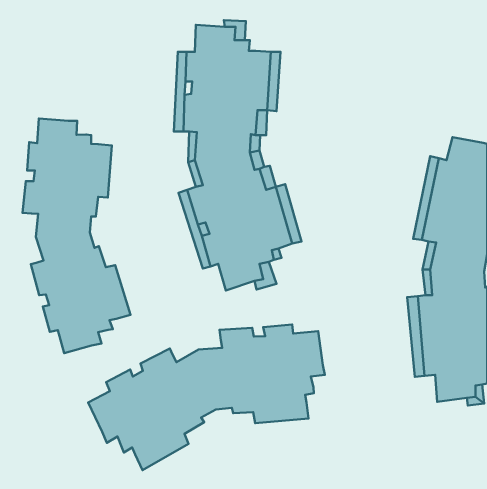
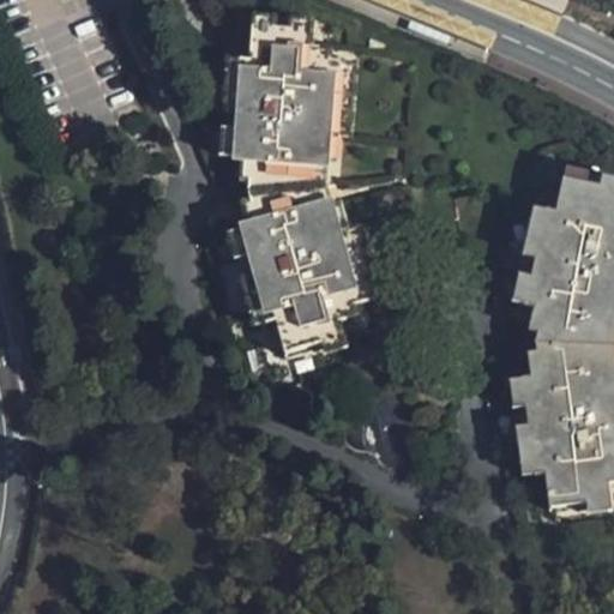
building: [23,118,131,353] -> none
building: [88,324,325,470] -> none

